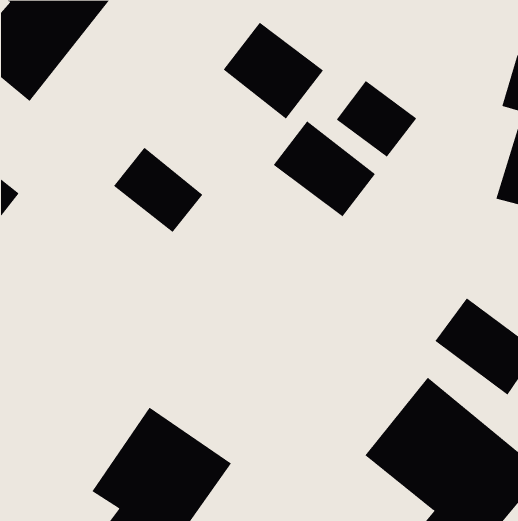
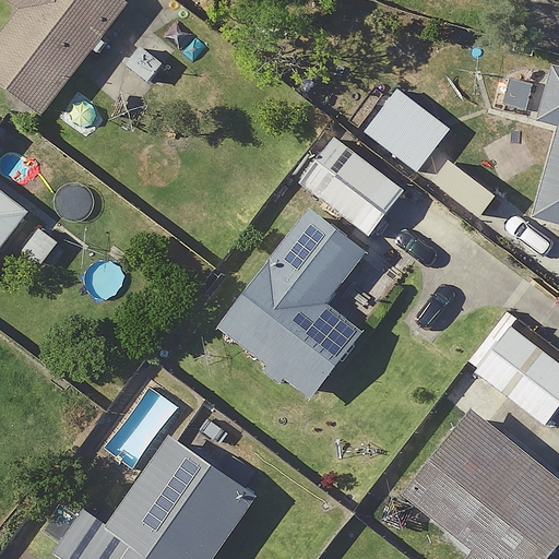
building: [223,22,324,120] -> none
building: [113,147,203,233] -> none
building: none -> [218,207,362,400]

